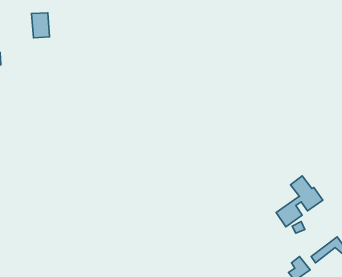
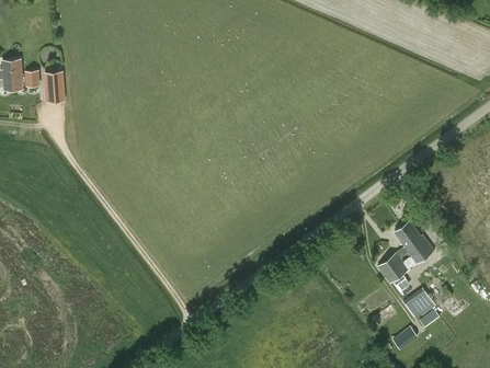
building: [32,13,50,38] -> [44,71,66,102]
building: none -> [403,287,435,318]

